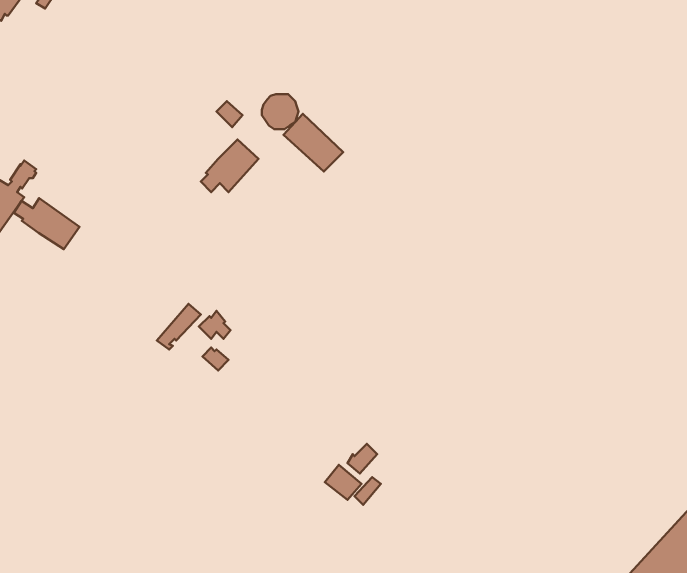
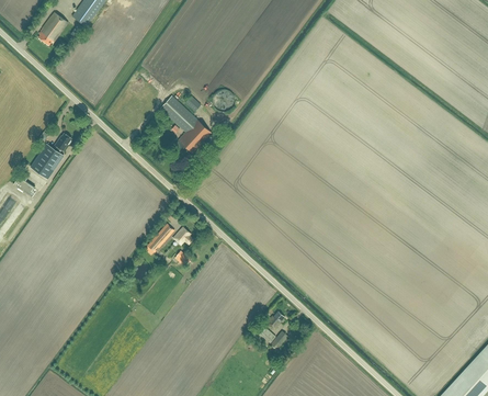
building: [284,114,343,171] -> [160,95,197,132]
building: [14,198,79,249] -> none

